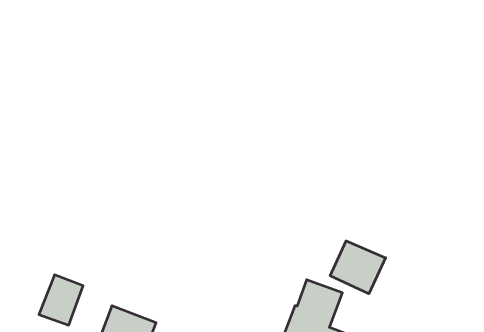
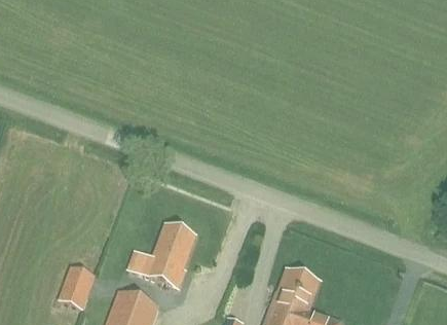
building: none -> [144,222,195,285]
building: [330,241,386,294] -> none

